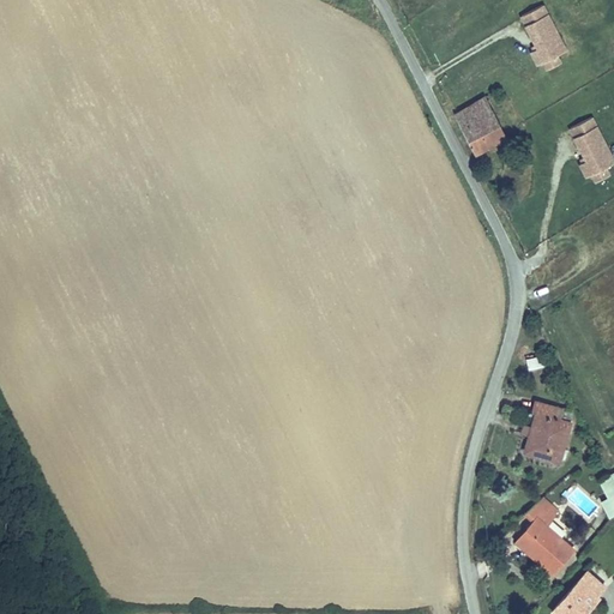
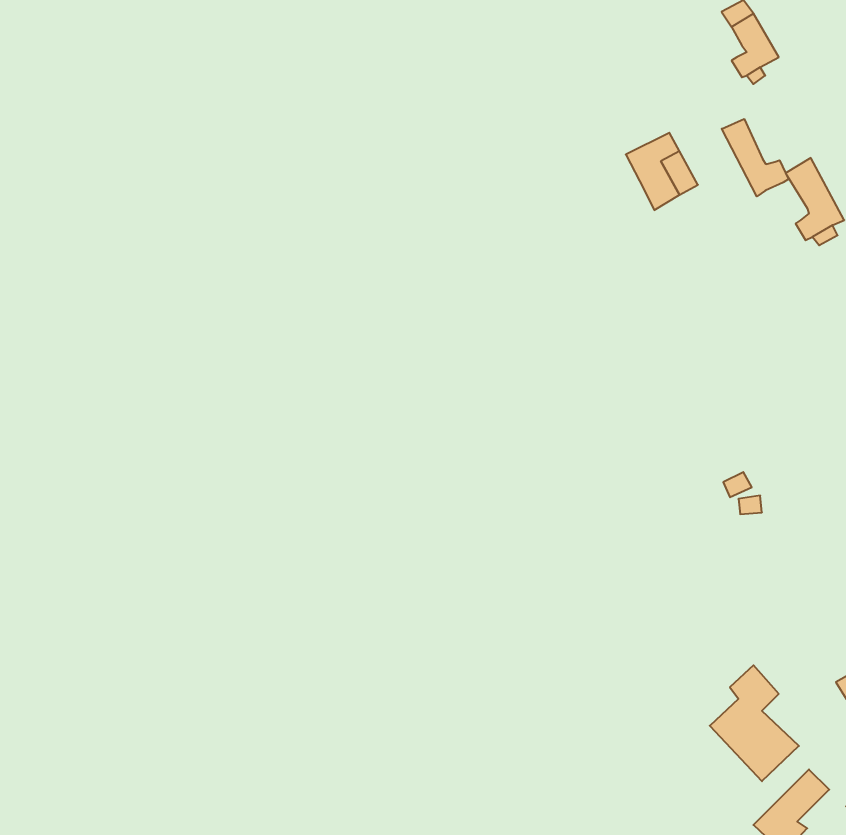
building: none -> [722,119,788,196]
building: [526,399,576,460] -> none

